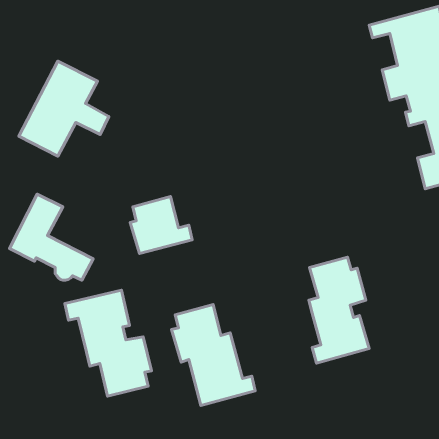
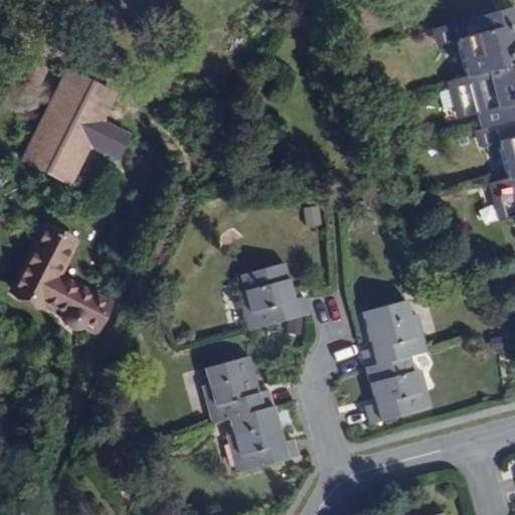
building: [130,197,192,254] -> [238,263,311,329]
building: [65,290,151,396] -> none

